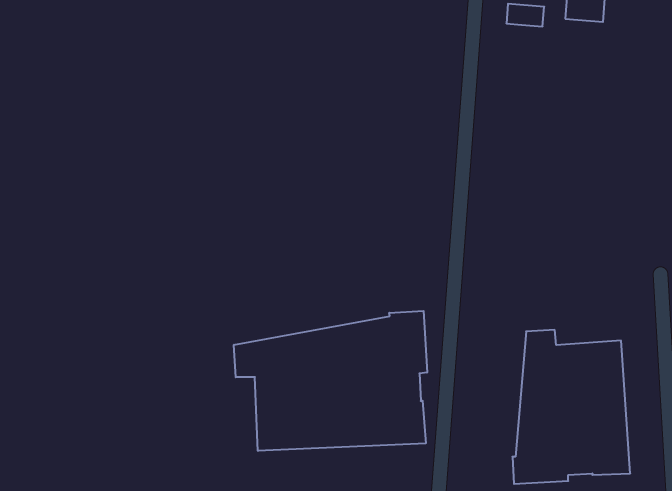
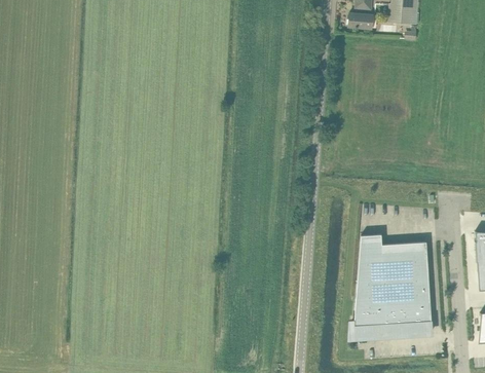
building: [234,311,427,451] -> none

